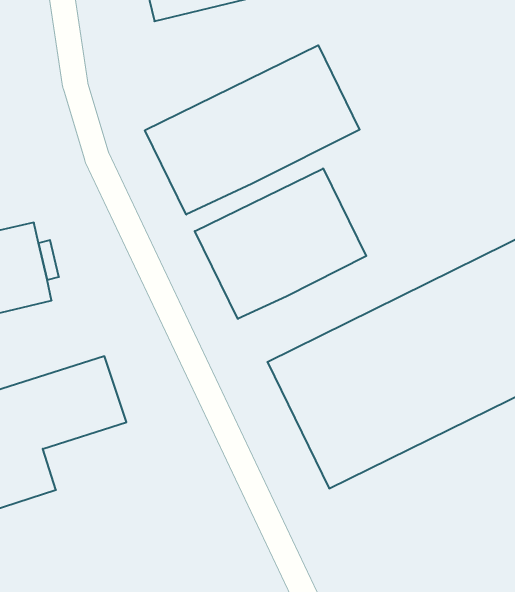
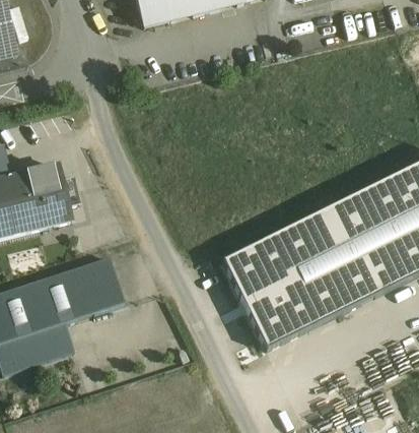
building: [145,45,360,215] -> none
building: [195,168,366,319] -> none

